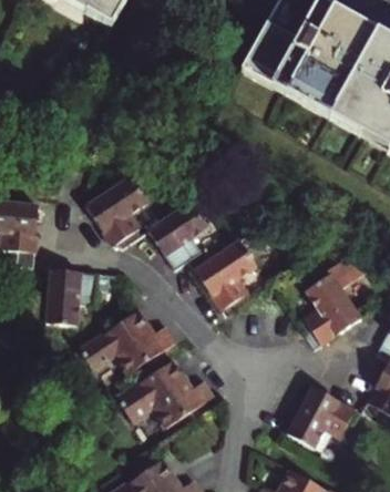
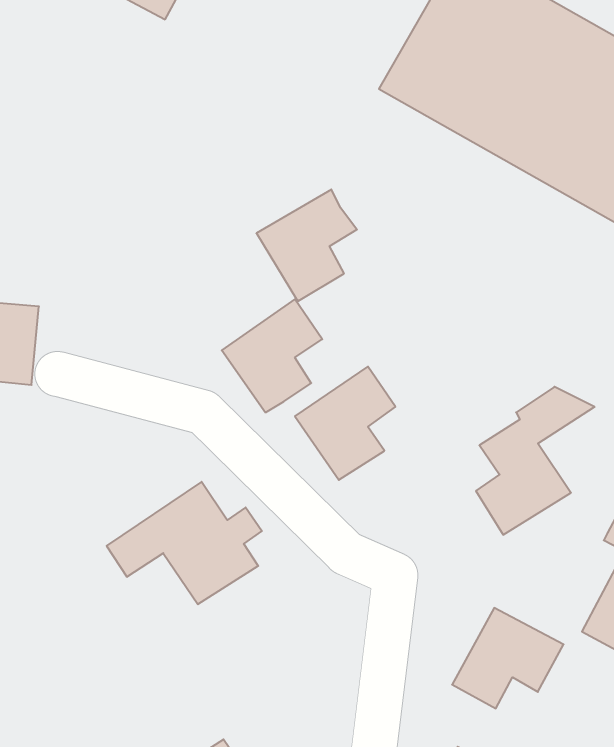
building: [90,175,151,243] -> [256,189,357,301]
building: [47,265,99,322] -> none
building: [114,360,211,426] -> none

